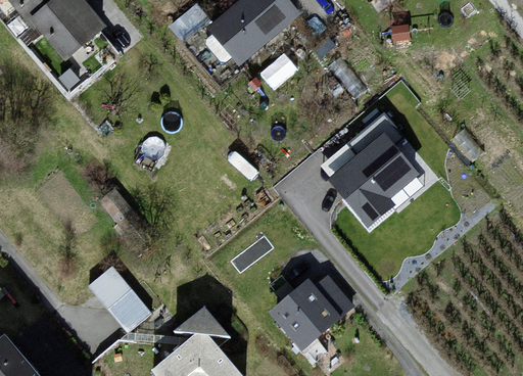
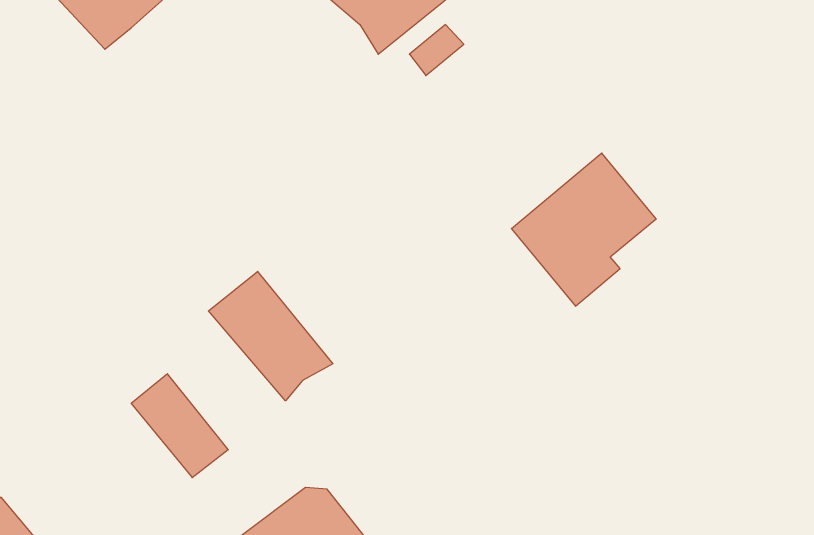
building: none -> [208,271,333,401]
building: [270,277,354,354] -> none
building: [173,307,231,339] -> none

